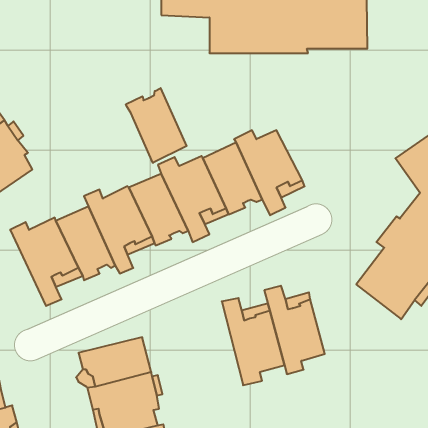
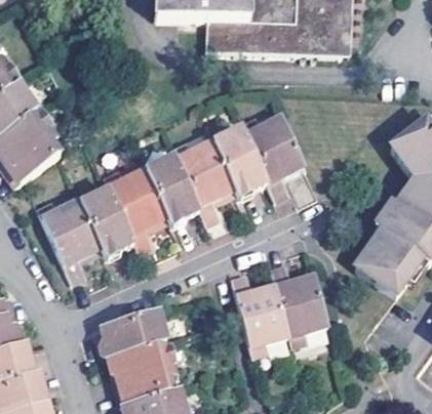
building: [126,88,187,163] -> none

